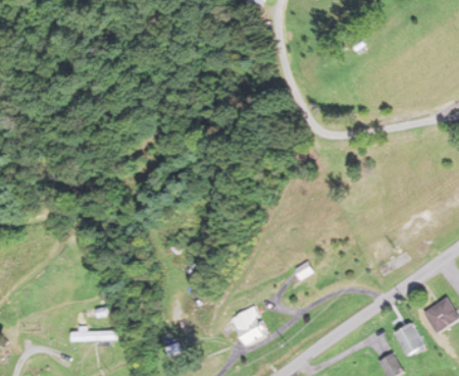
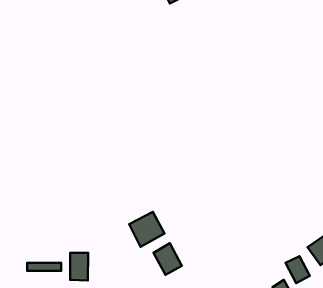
building: none -> [129,212,165,247]
building: none -> [70,253,88,280]

